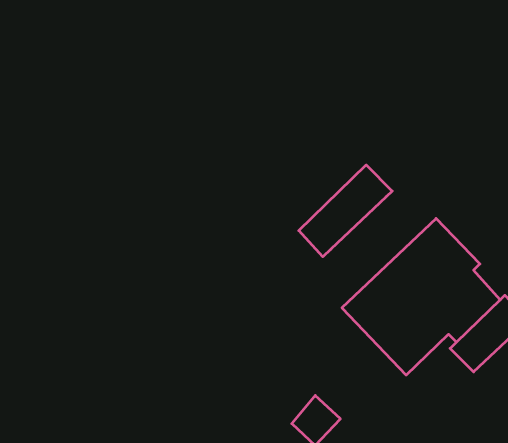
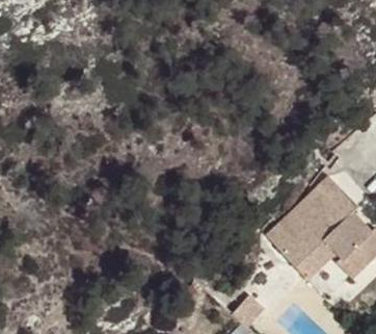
building: [299,165,392,257] -> none

